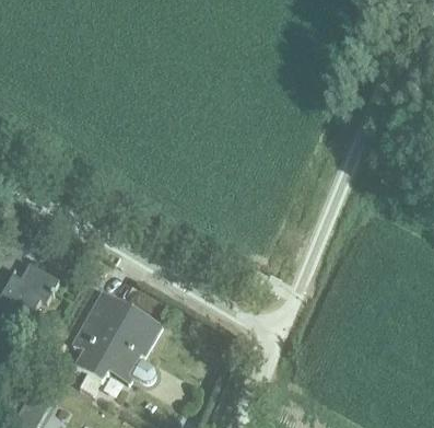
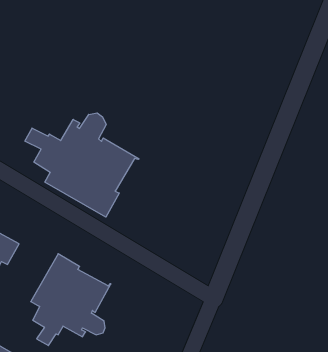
building: none -> [25,113,139,217]

